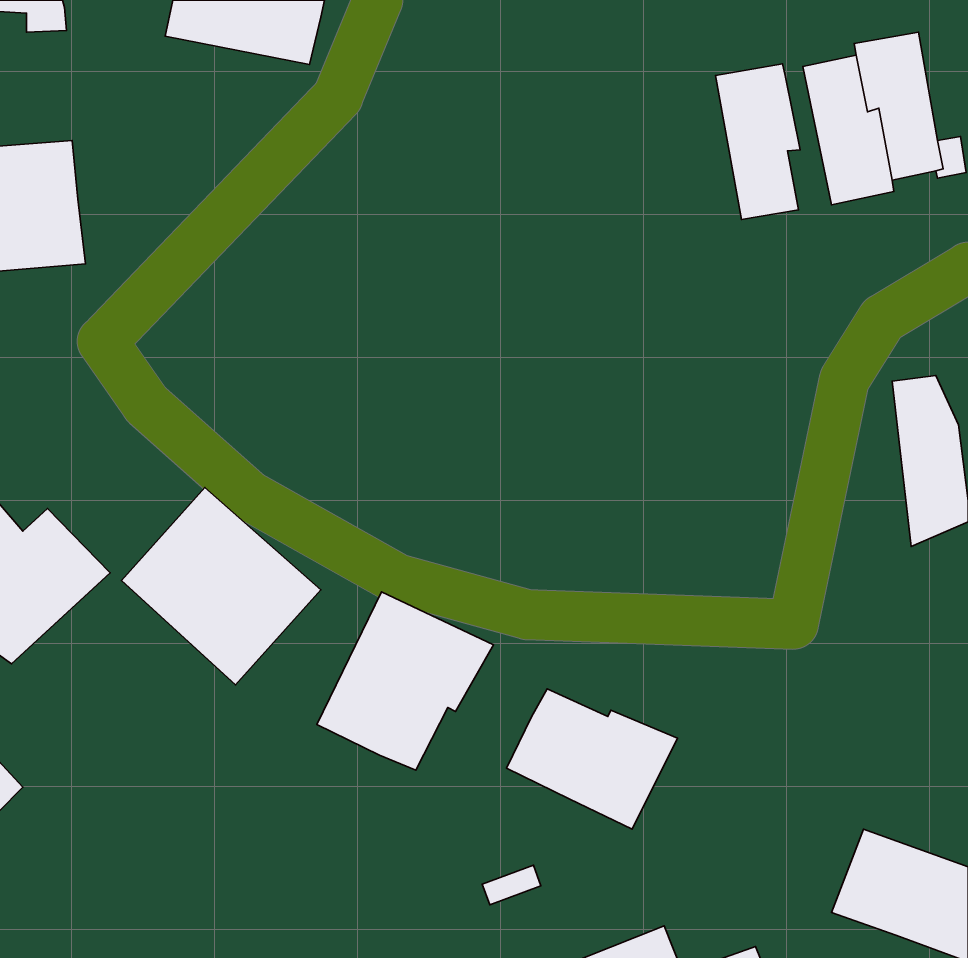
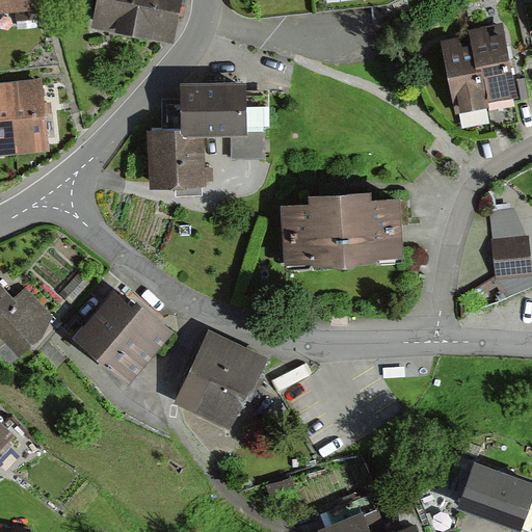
building: [716,64,800,220] -> none
building: none -> [148,80,267,190]
building: none -> [281,186,401,260]
building: [506,689,678,829] -> none

